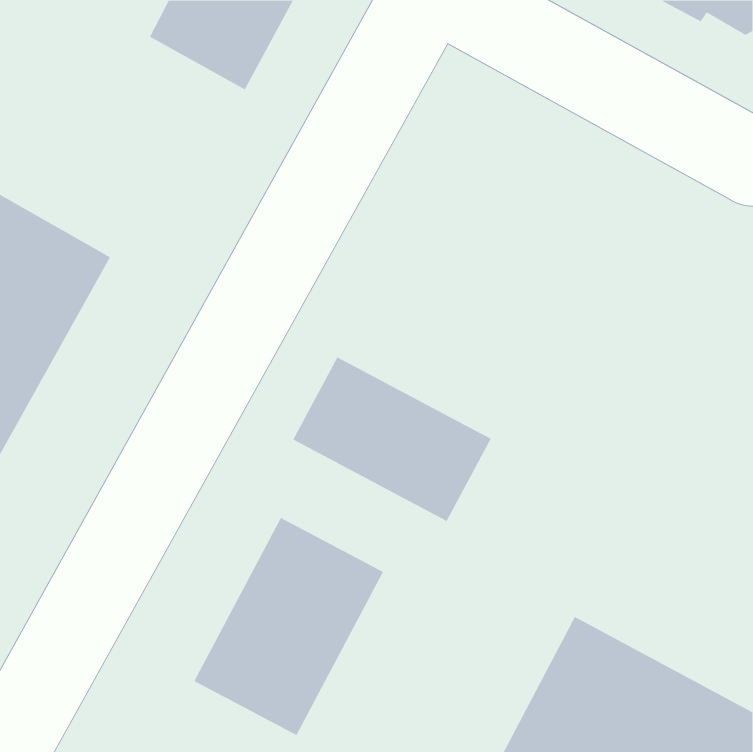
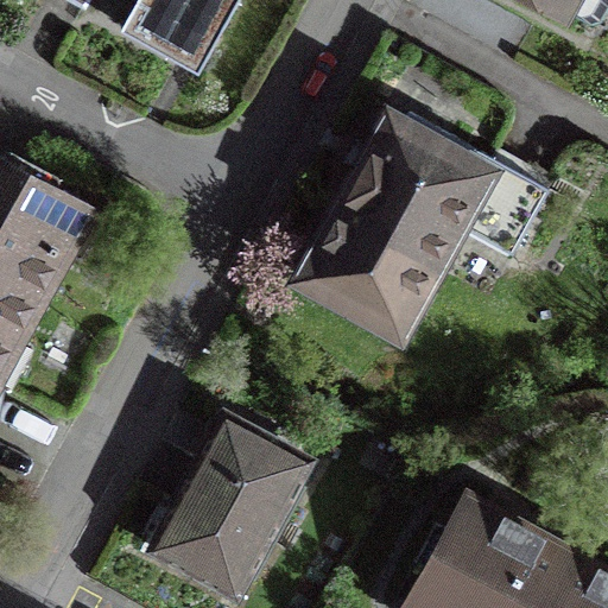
building: none -> [300,112,547,329]
building: [293,356,491,522] -> none

